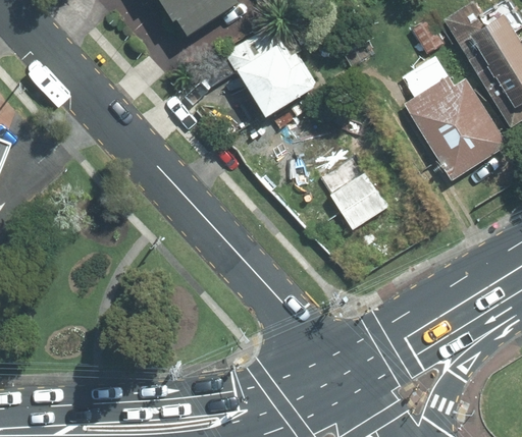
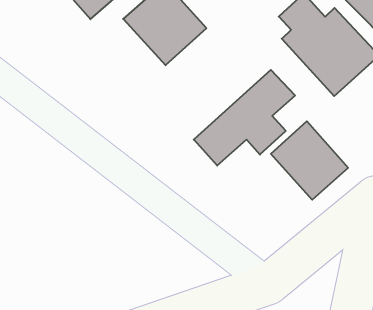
building: none -> [271,121,348,200]

